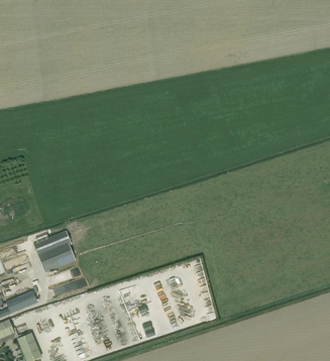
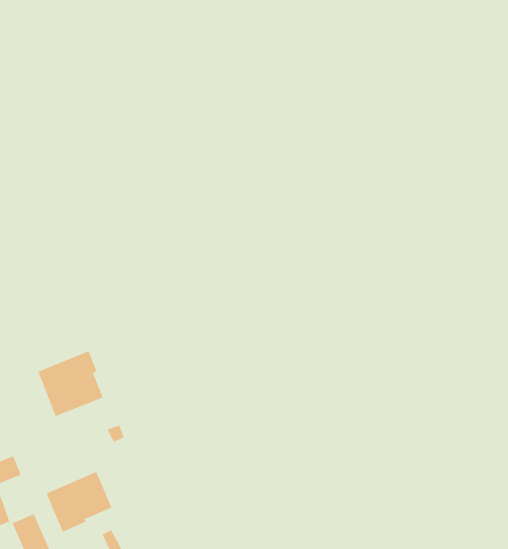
building: none -> [46,471,112,533]

